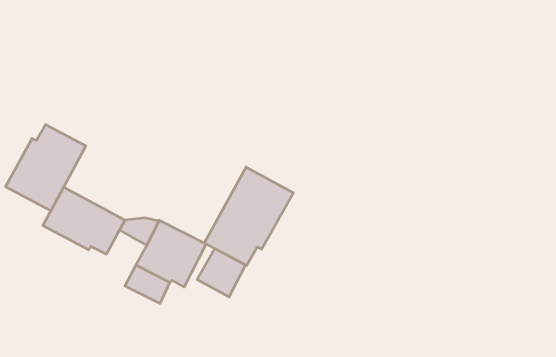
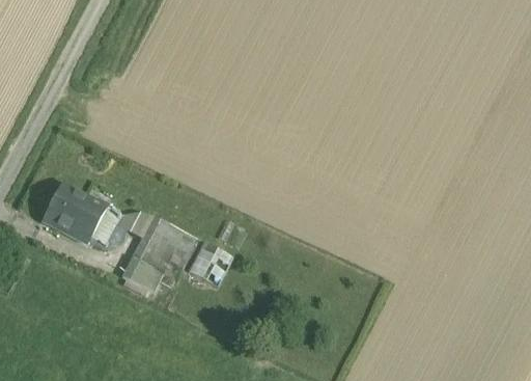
building: [6,125,86,211] -> none
building: [204,167,293,266] -> none

